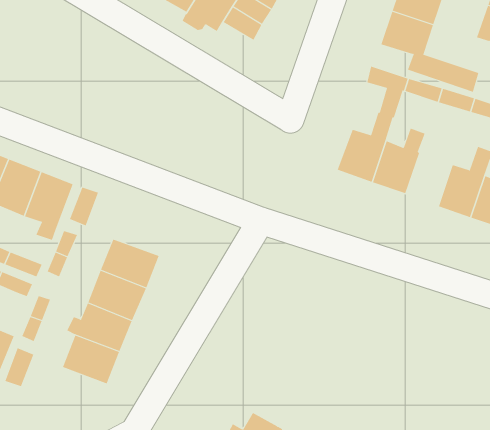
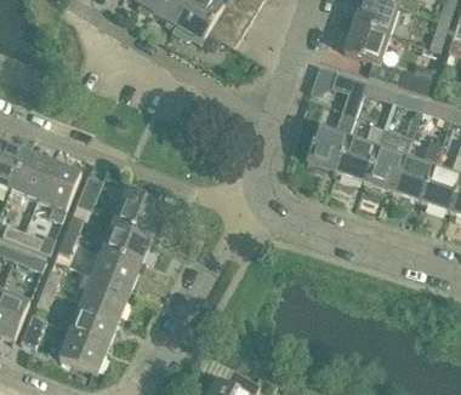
building: none -> [366,132,411,191]
building: none -> [114,184,166,237]
building: none -> [58,330,109,374]

